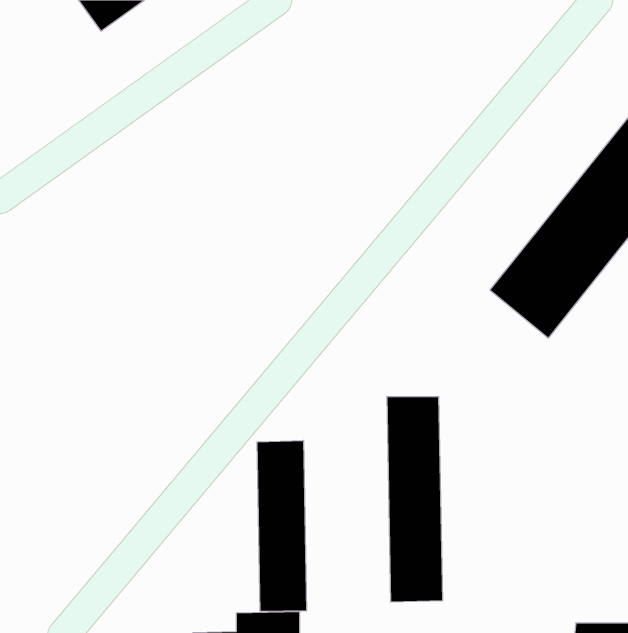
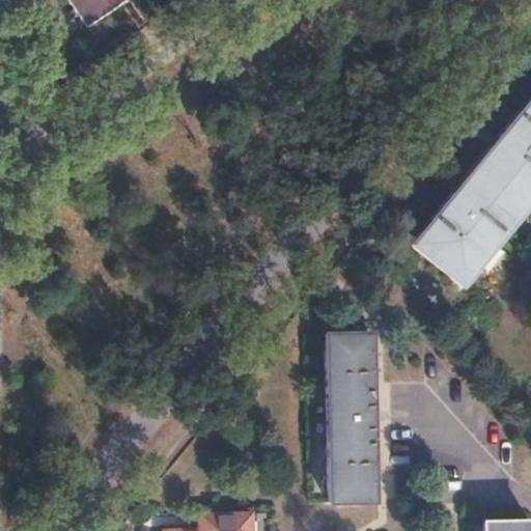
building: [257,440,307,611] -> none

